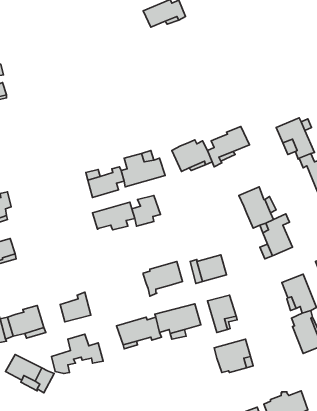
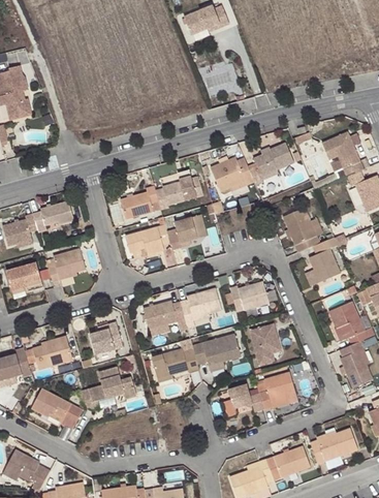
building: none -> [33,200,73,232]
building: none -> [49,249,86,282]
building: none -> [143,301,185,330]
building: none -> [228,383,264,412]

